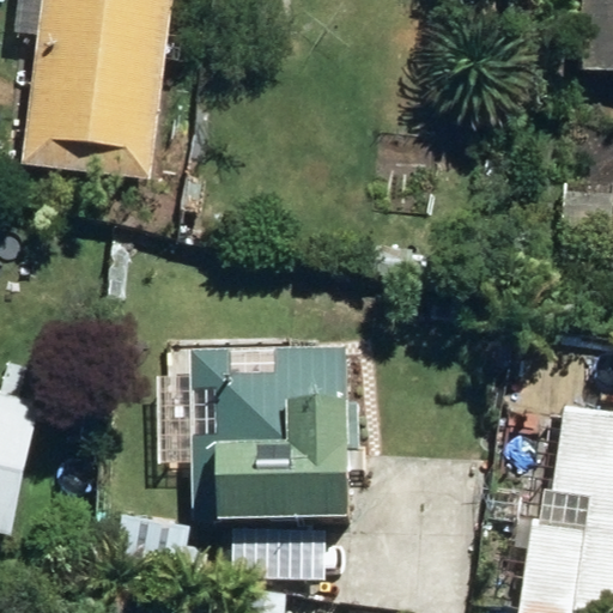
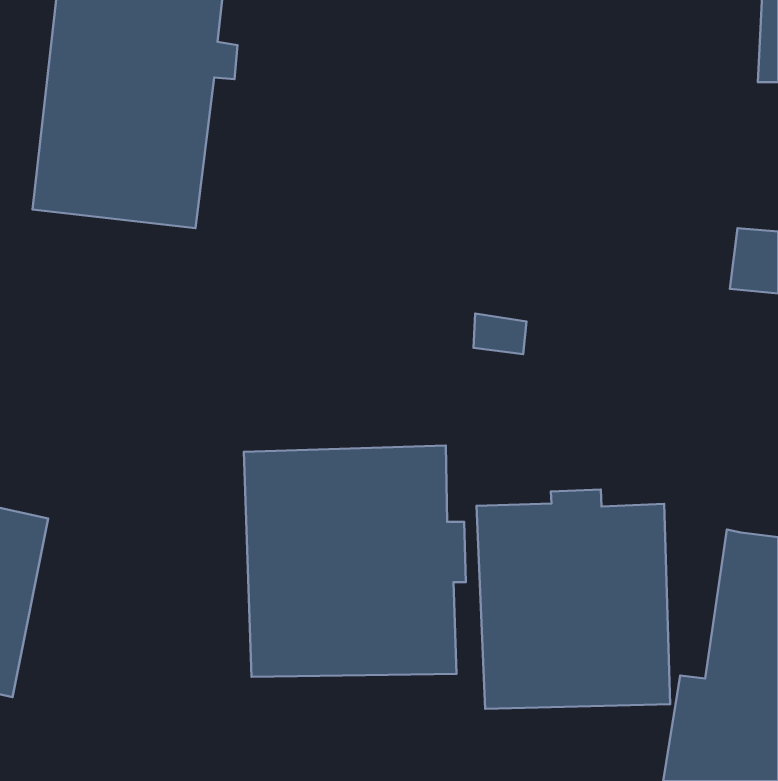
building: none -> [476,490,670,709]

